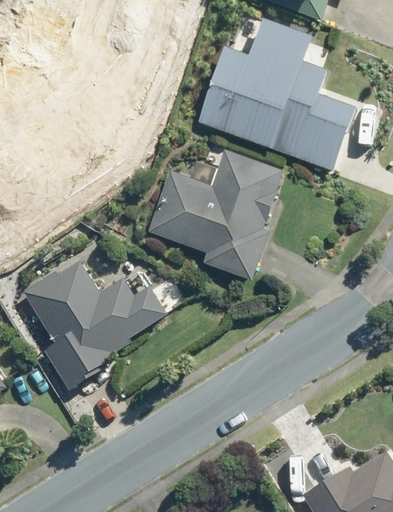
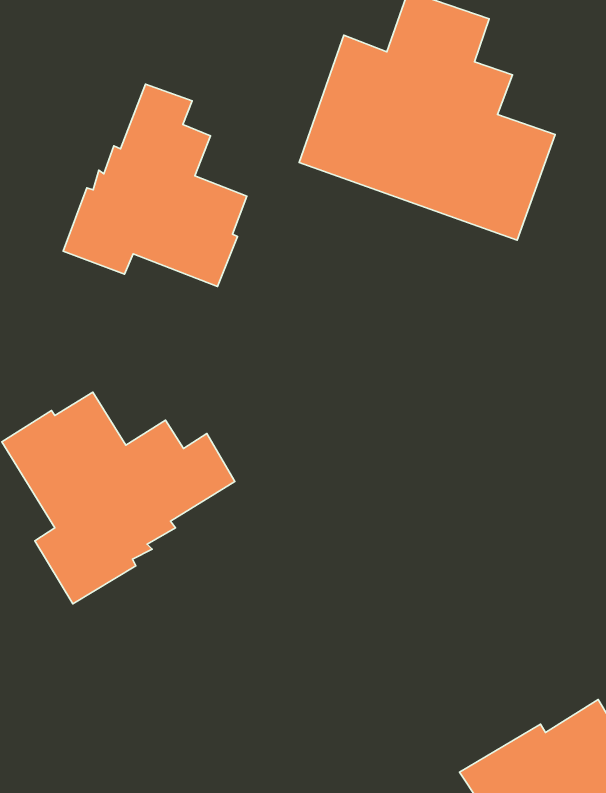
building: none -> [63,84,247,286]
building: [144,151,280,280] -> none

